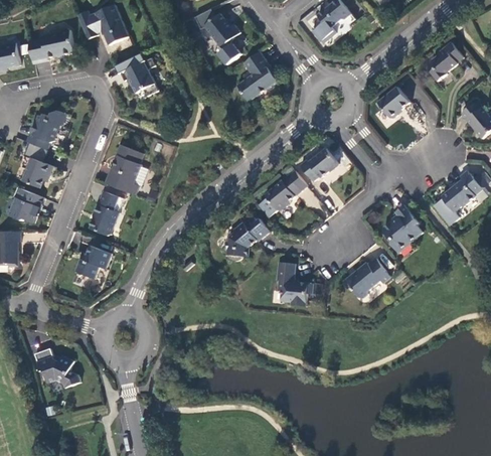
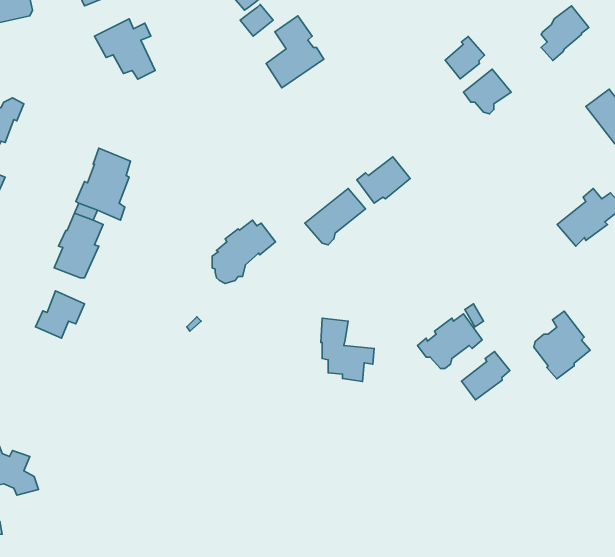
building: none -> [445,36,485,79]
building: [381,206,421,254] -> [534,311,590,379]
building: [223,217,268,262] -> [212,220,276,284]
building: none -> [461,352,510,400]

